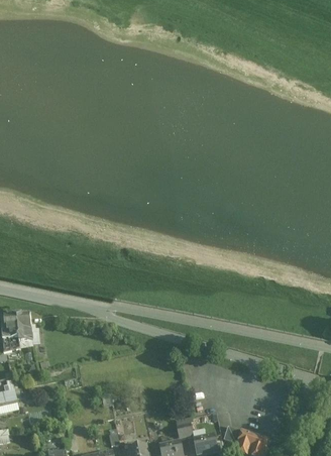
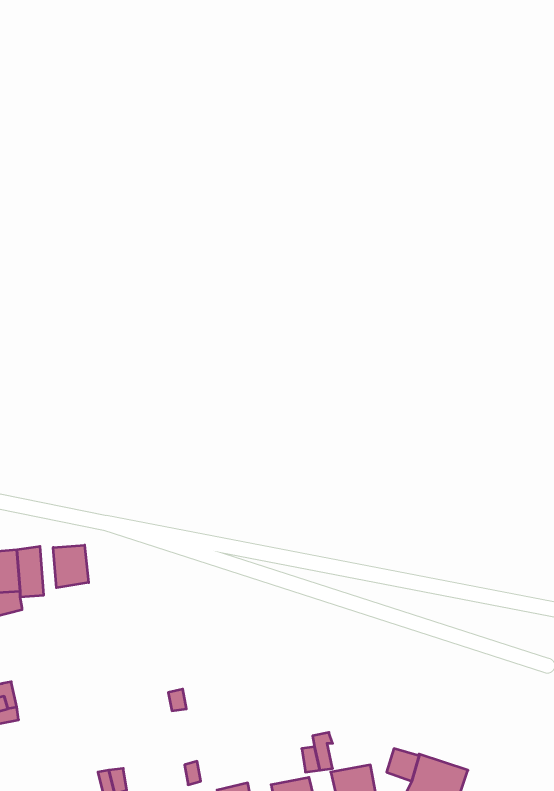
building: none -> [53,545,89,588]

